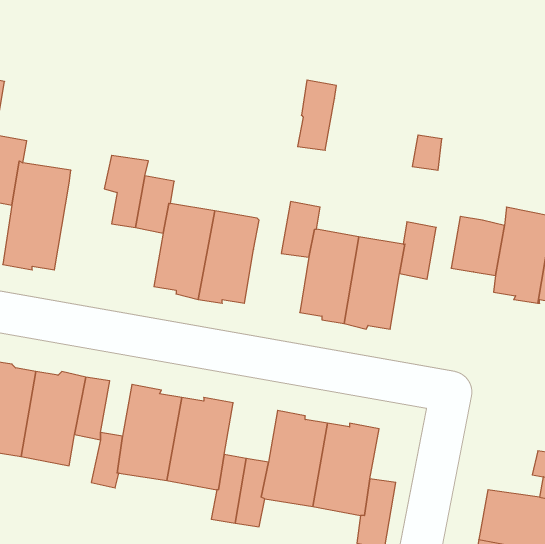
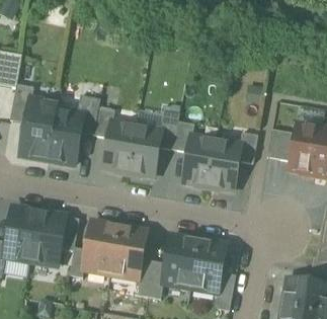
building: [298,80,336,150] -> [157,109,178,148]
building: none -> [48,109,82,163]

